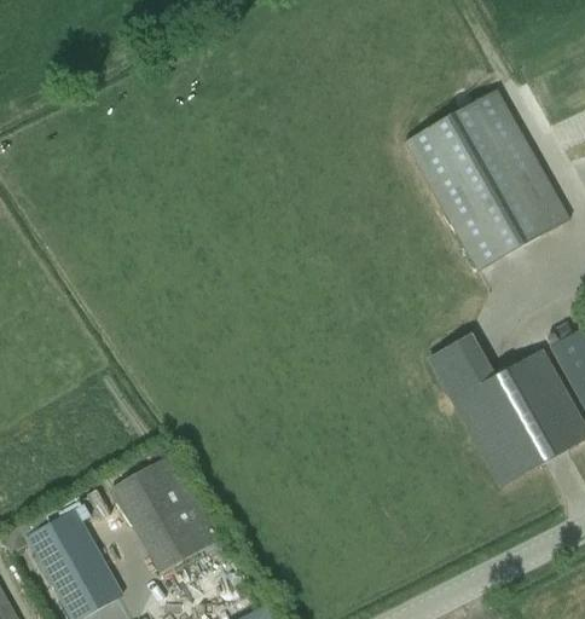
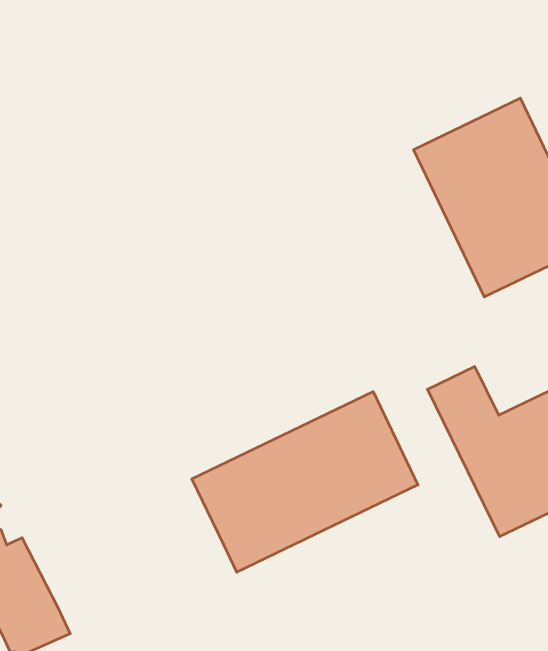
building: none -> [192,392,418,572]
building: [112,456,219,572] -> none

